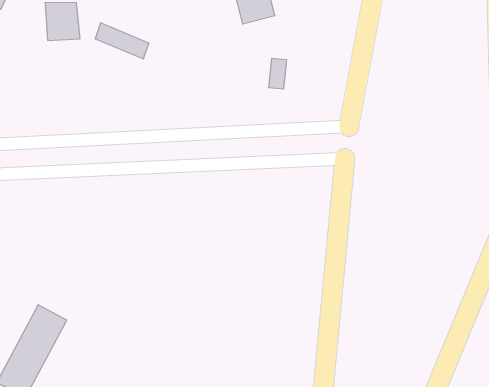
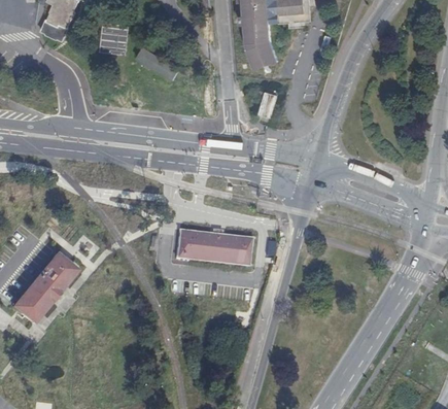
building: none -> [175,230,249,265]

